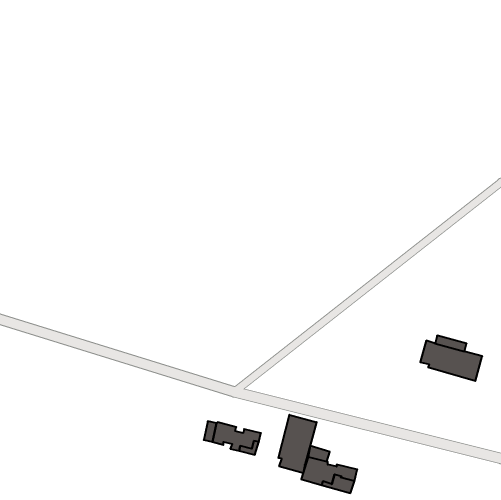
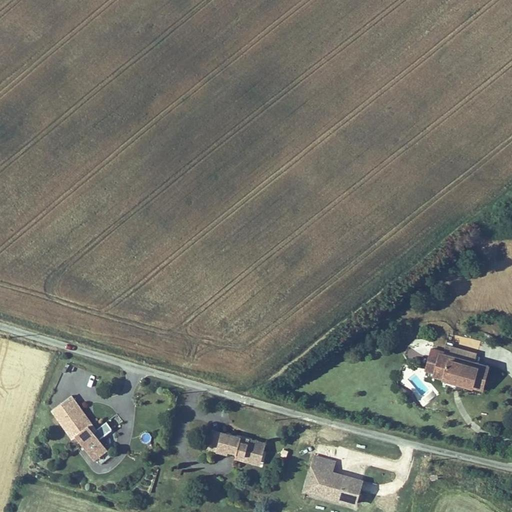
building: none -> [53,397,113,459]
building: [278,415,317,473] -> none

